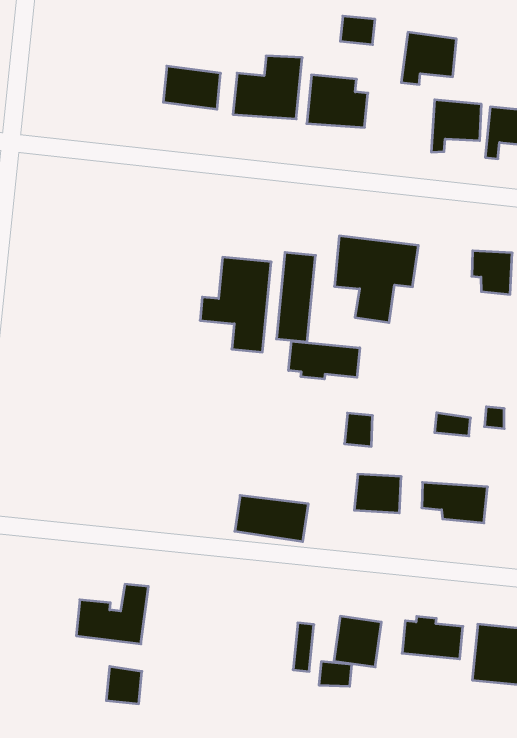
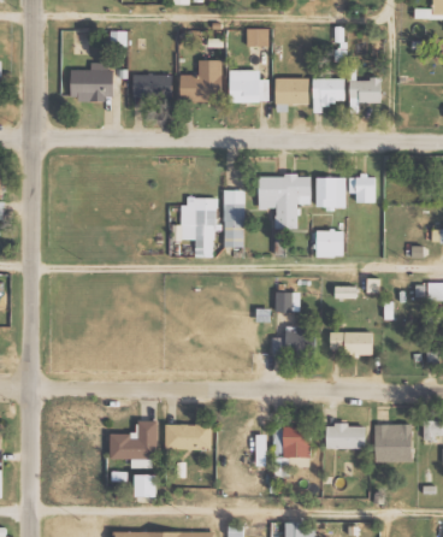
building: [401,32,456,84] -> [274,77,308,111]
building: none -> [70,61,112,99]
building: none -> [314,177,344,208]
building: none -> [315,230,343,256]
building: [289,341,360,379] -> none
building: [235,495,308,542] -> [164,423,211,449]

